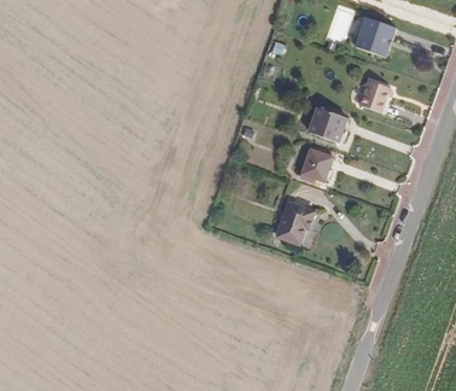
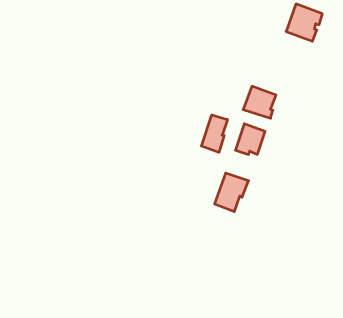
building: [359,81,390,112] -> none
building: none -> [201,115,227,152]

